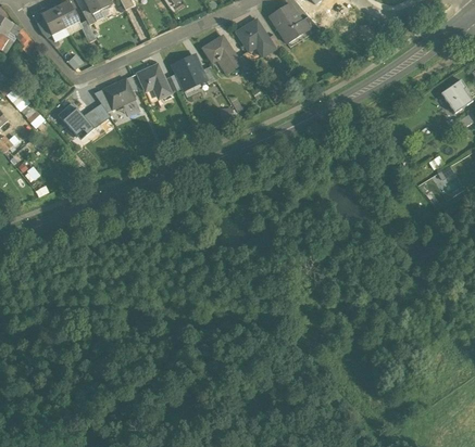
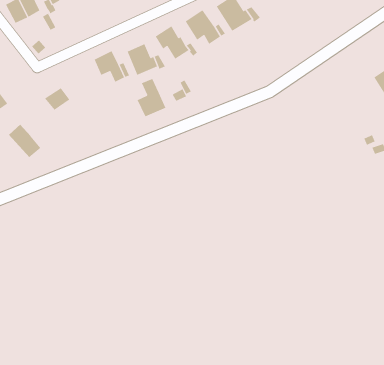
building: [102,78,138,112] -> none
building: none -> [137,78,166,117]
building: [57,102,92,139] -> [8,124,41,158]

